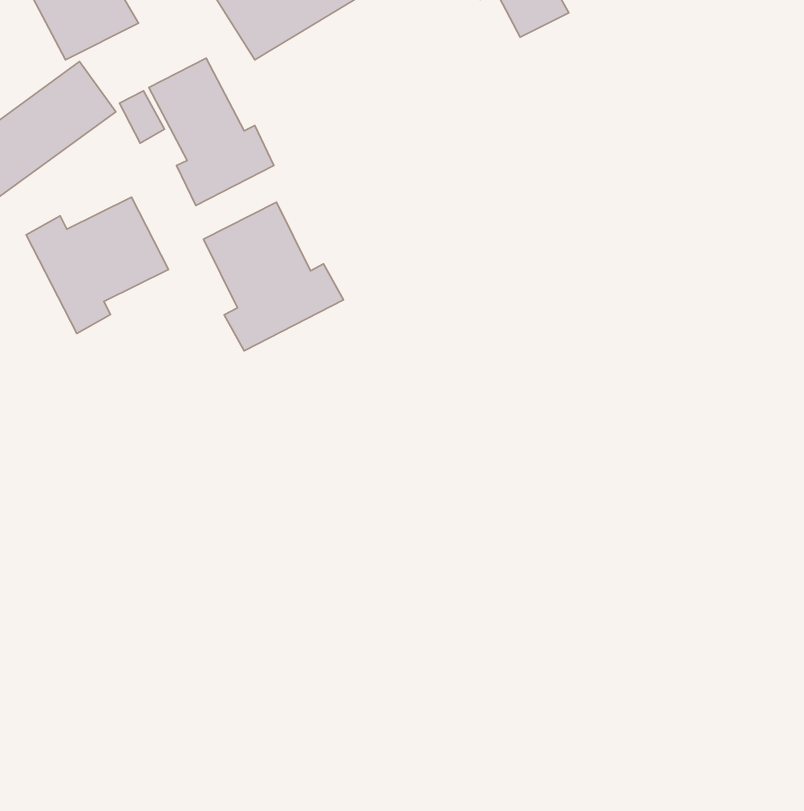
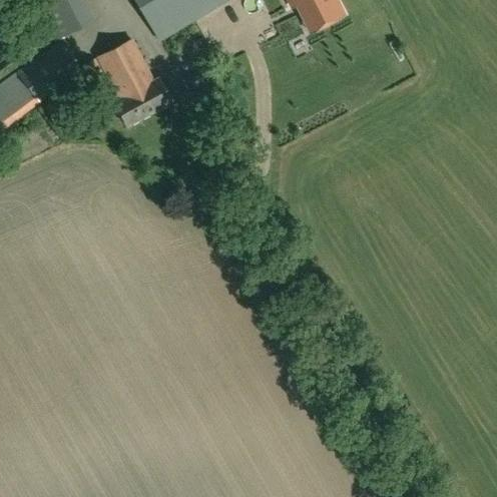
building: [26,197,169,334] -> none
building: [203,202,344,351] -> none

